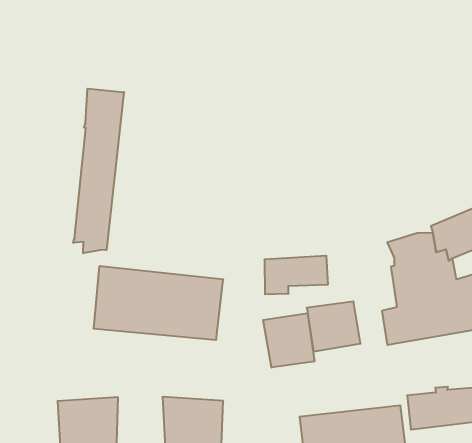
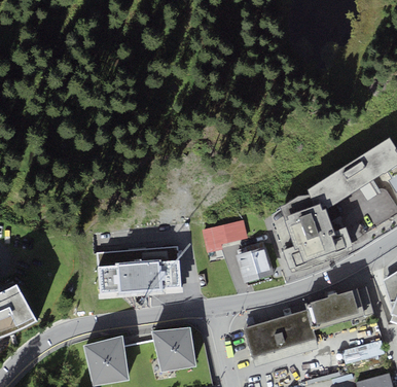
building: [73,89,124,253] -> none
building: [263,313,315,368] -> none

